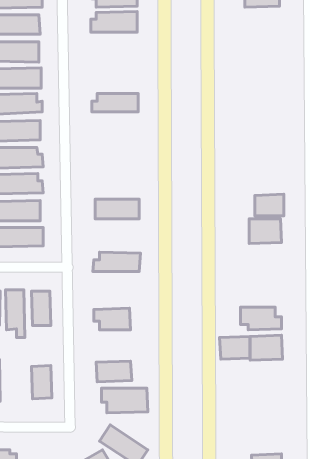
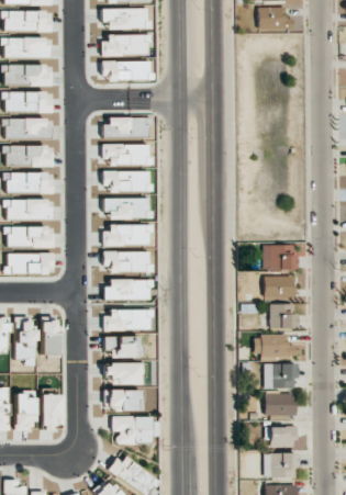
building: none -> [102,61,152,79]
building: none -> [103,144,150,165]
building: none -> [103,171,152,192]
building: none -> [103,198,152,218]
building: [255,194,284,216] -> [265,275,294,297]
building: none -> [104,251,152,272]
building: none -> [271,303,295,328]
building: none -> [107,310,153,330]
building: none -> [108,363,141,385]
building: [220,336,250,359] -> [266,393,297,416]
building: none -> [16,392,36,430]
building: none -> [270,427,297,448]
building: none -> [265,453,298,477]

